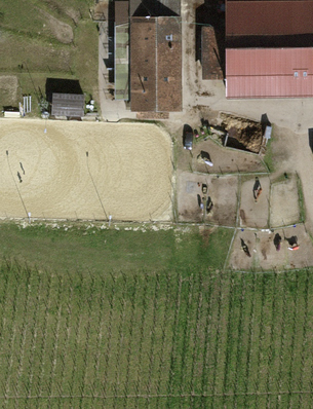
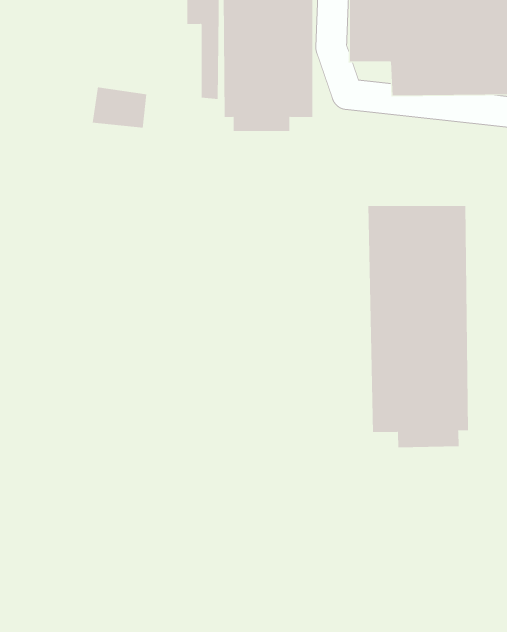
building: none -> [368,205,468,448]

